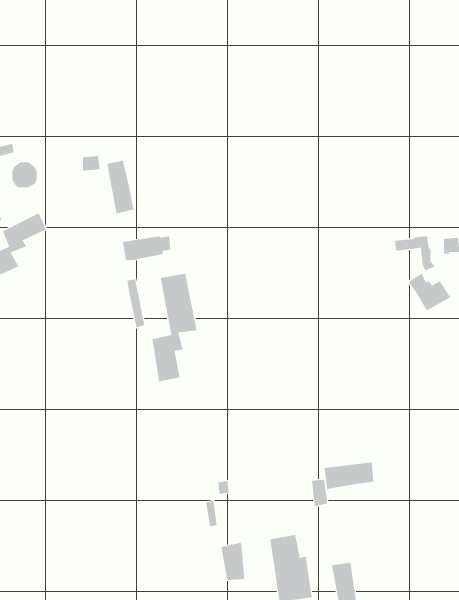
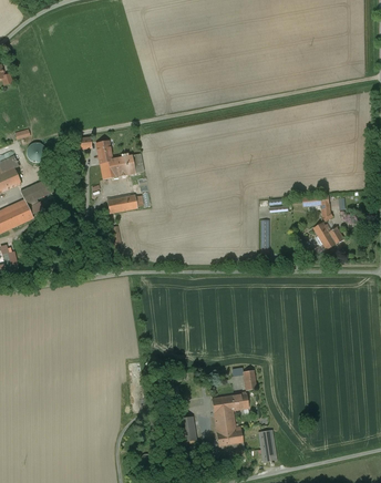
building: none -> [113,154,144,176]
building: [152,273,197,382] -> none
building: [323,462,374,489] -> [212,393,248,413]

